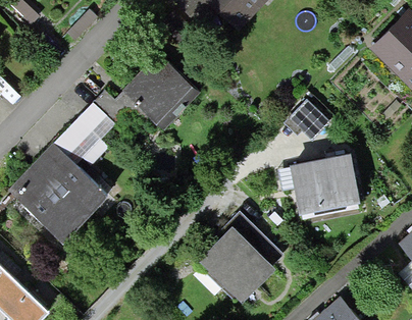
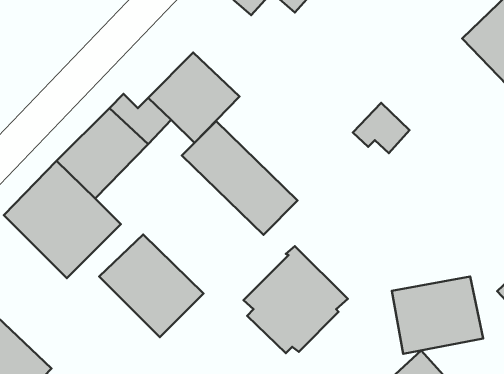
building: none -> [182,121,298,235]
building: [291,149,363,210] -> [392,277,483,354]
building: none -> [99,234,204,337]

